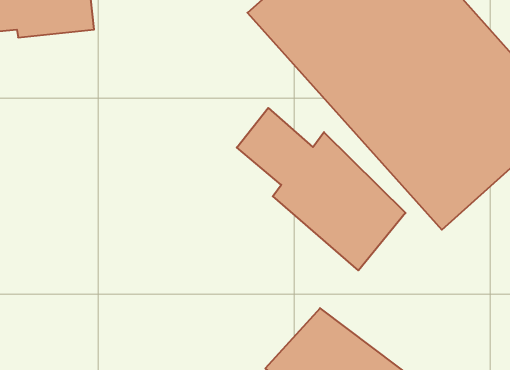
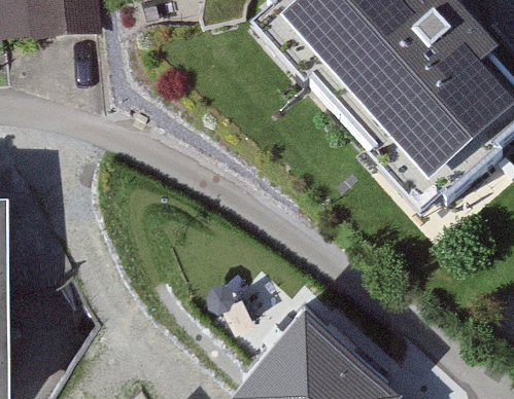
building: [237,108,406,270] -> none

